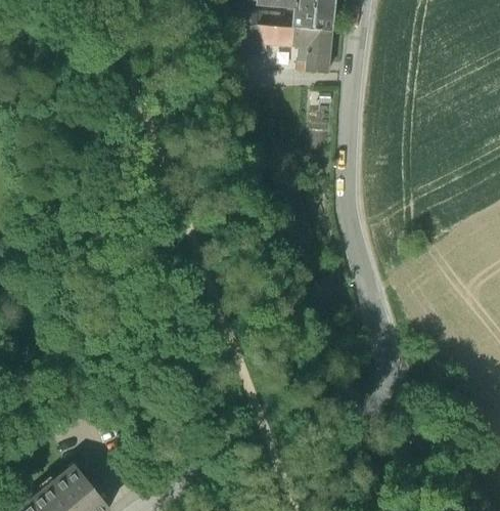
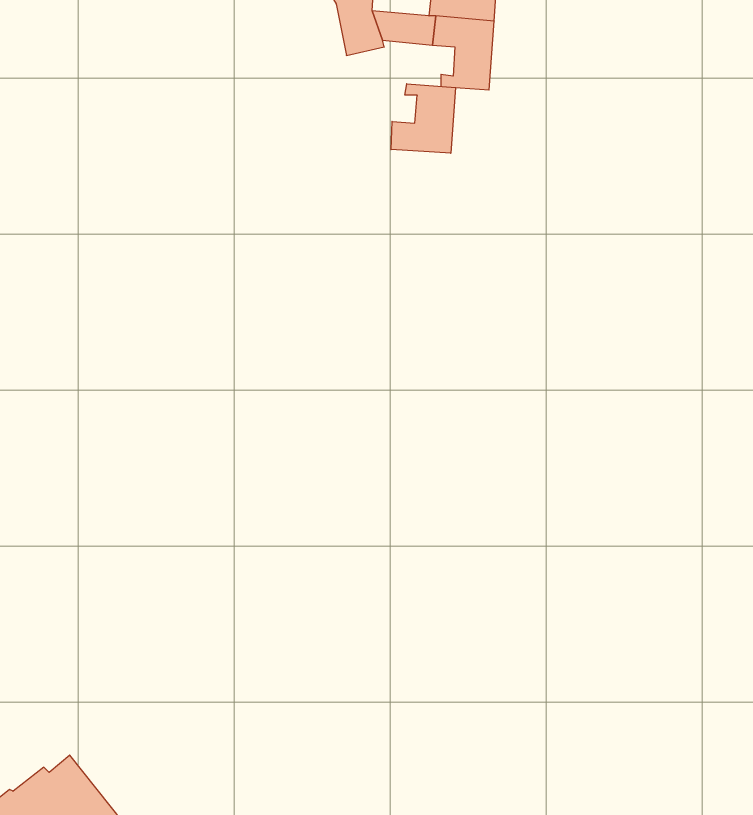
building: none -> [391,84,456,153]

